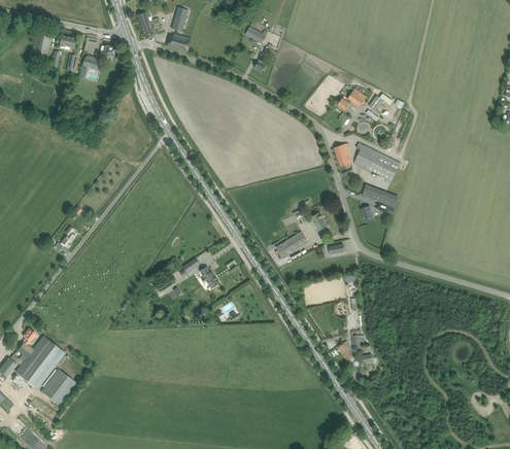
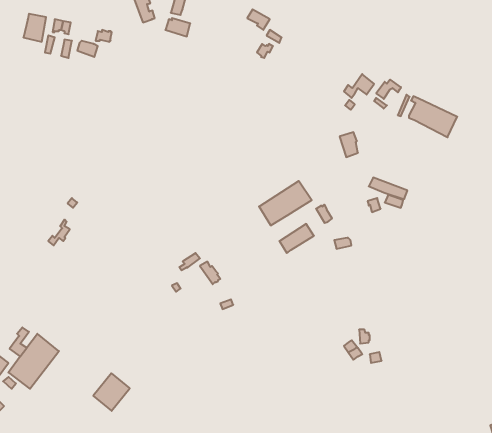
building: [353,143,400,182] -> [409,96,457,137]
building: none -> [259,181,312,226]
building: [40,369,75,405] -> [93,373,130,411]

